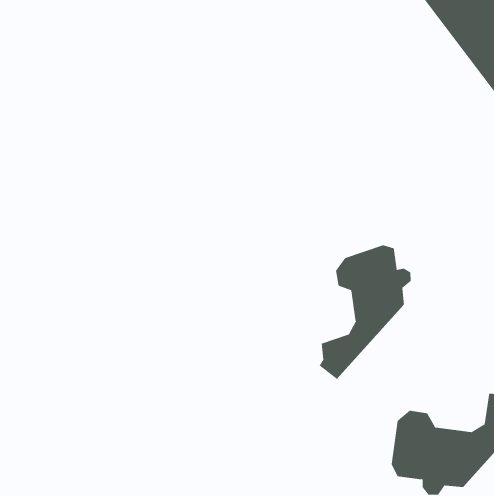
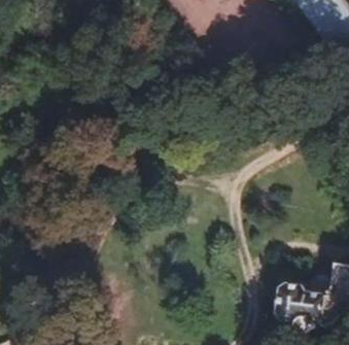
building: [319,244,411,380] -> none

